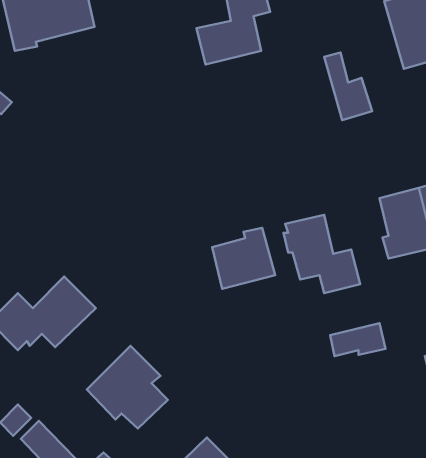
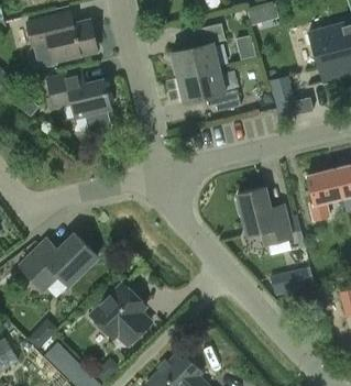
building: none -> [178,68,241,112]
building: none -> [48,73,111,131]
building: [212,228,275,289] -> none

